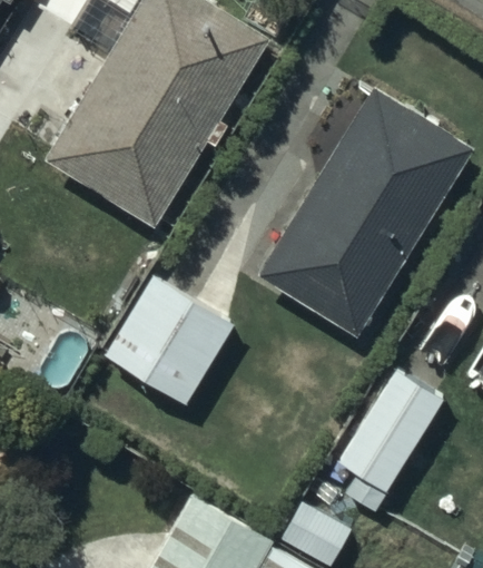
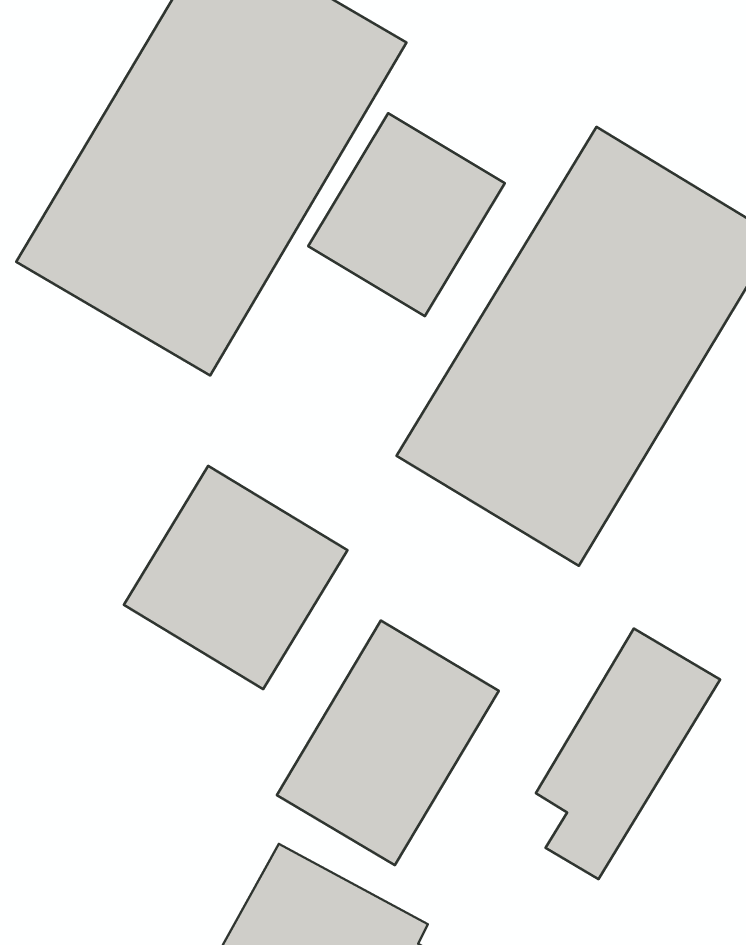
building: none -> [308,113,505,316]
building: none -> [277,620,499,865]

